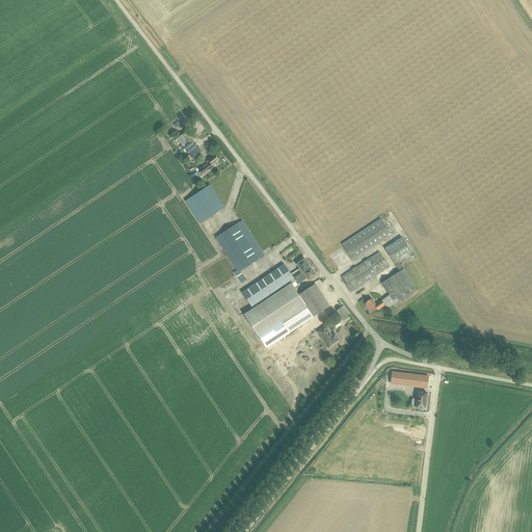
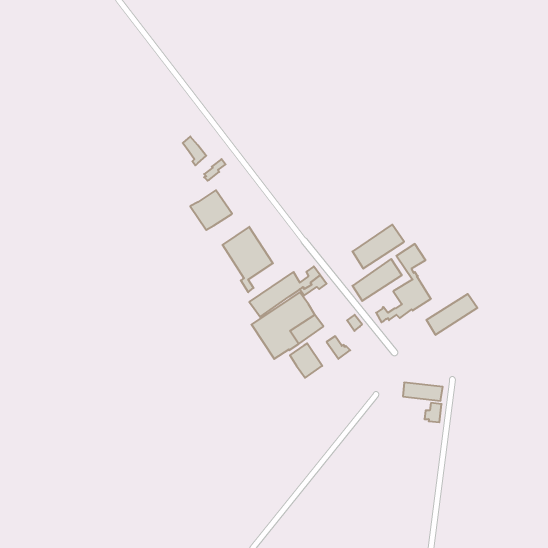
building: [298,283,329,316] -> [290,343,322,378]
building: none -> [426,294,477,335]

